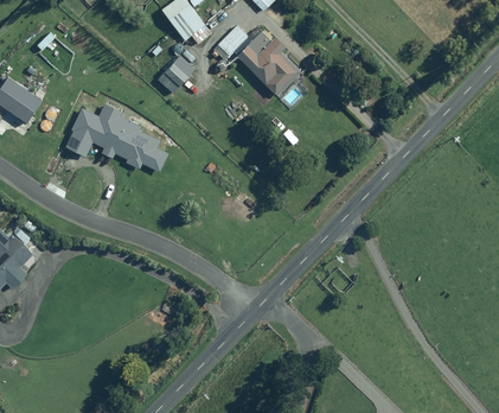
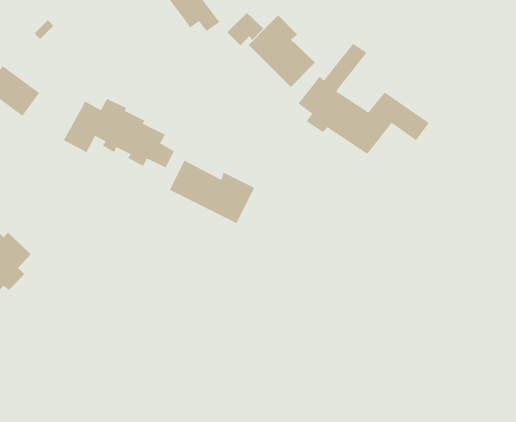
building: [156,53,196,94] -> none
building: none -> [298,43,430,155]
building: none -> [169,160,255,224]

